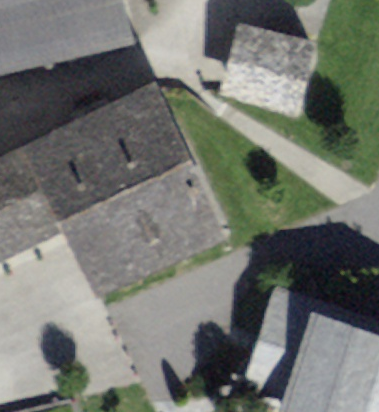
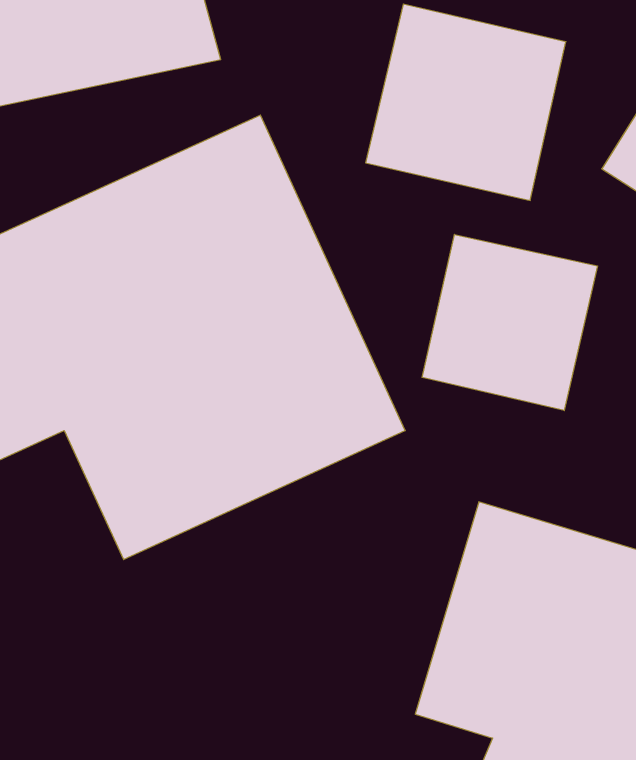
building: none -> [422,234,597,411]

